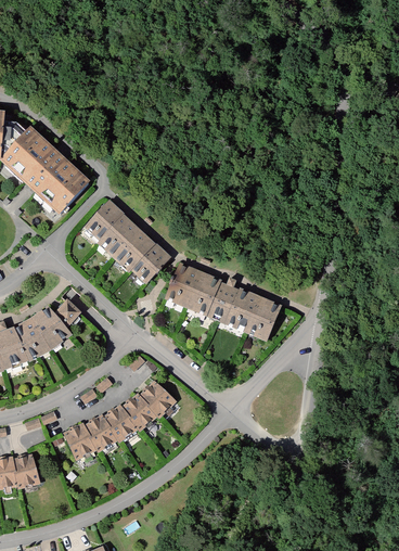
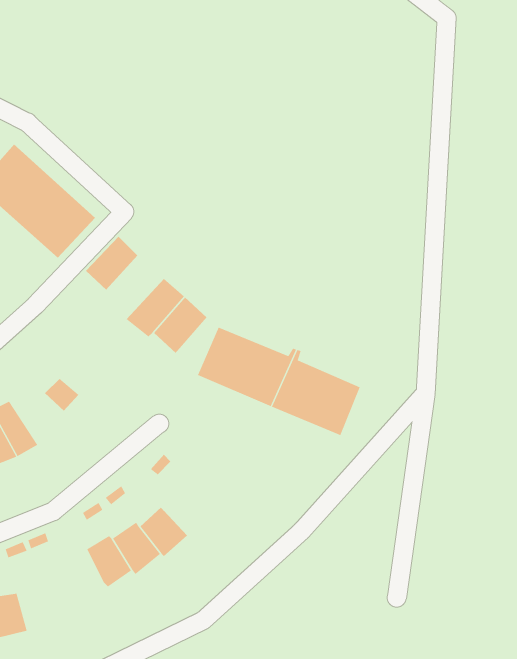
building: [95,213,140,258] -> none
building: [29,306,70,348] -> none
building: [140,380,176,417] -> none
building: [64,421,96,458] -> none

